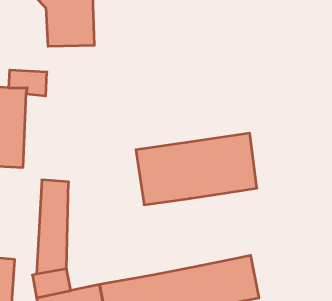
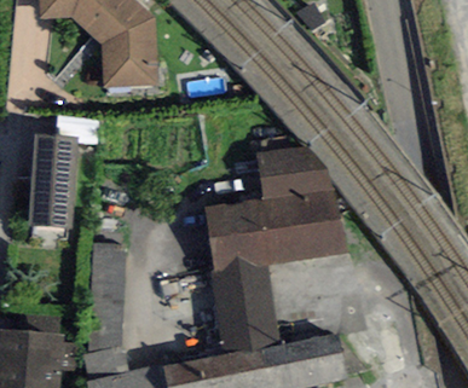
building: none -> [253,144,336,199]
building: none -> [209,265,278,354]

